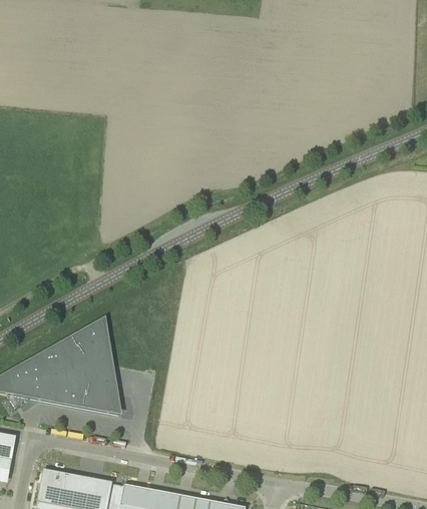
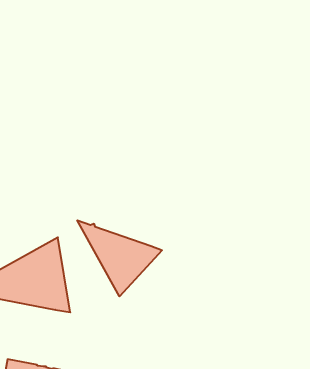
building: none -> [77,220,162,296]

